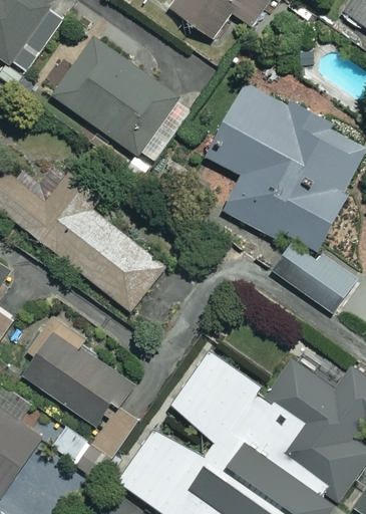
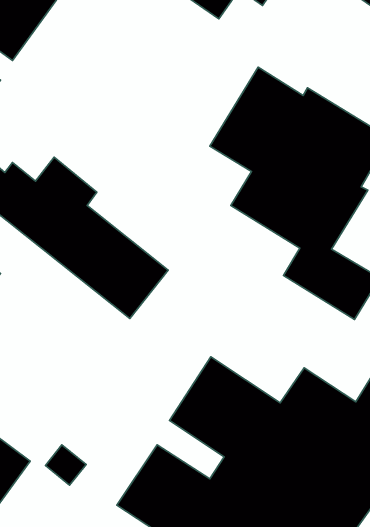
building: [52,36,193,166] -> none
building: [18,324,130,429] -> none

